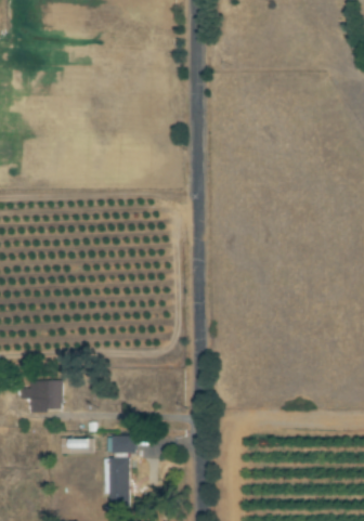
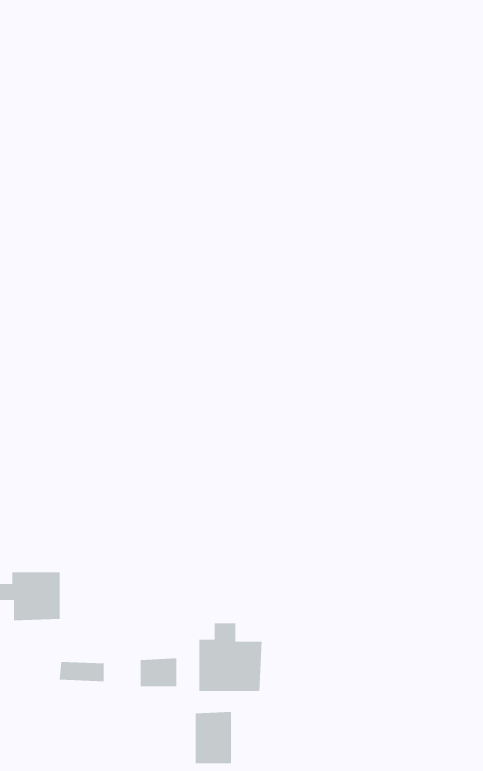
building: none -> [199,623,262,692]
building: [104,460,128,494] -> [195,711,232,764]

